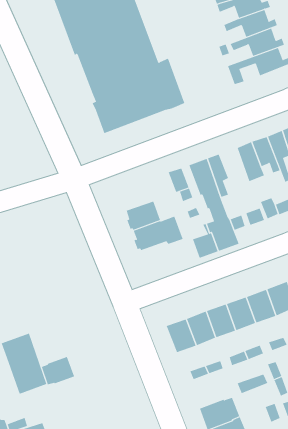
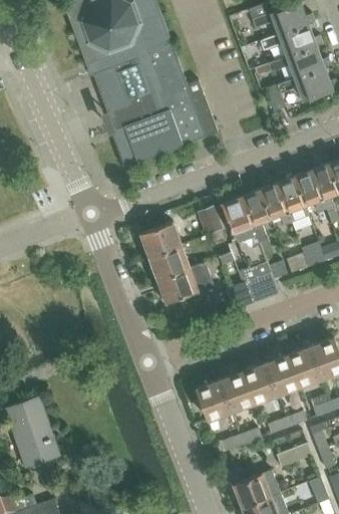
building: none -> [257,184,291,226]
building: none -> [140,222,182,256]
building: [41,356,75,385] -> none

